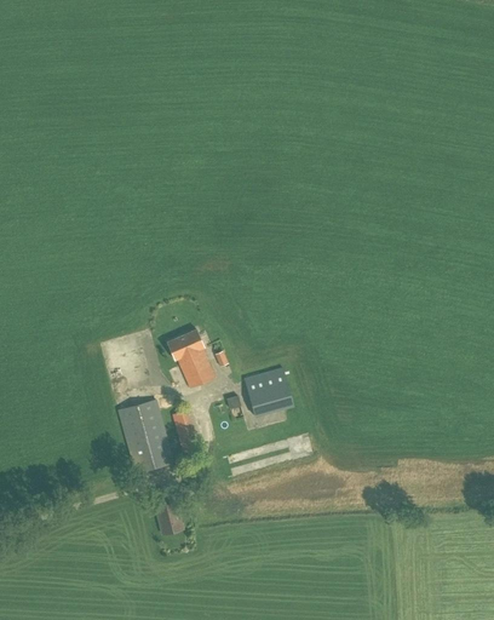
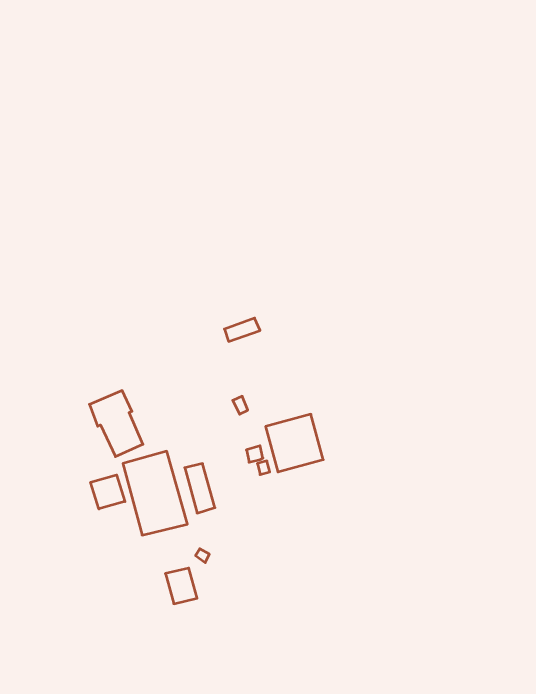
building: [167,328,214,386] -> [89,391,143,457]
building: none -> [91,475,125,509]

